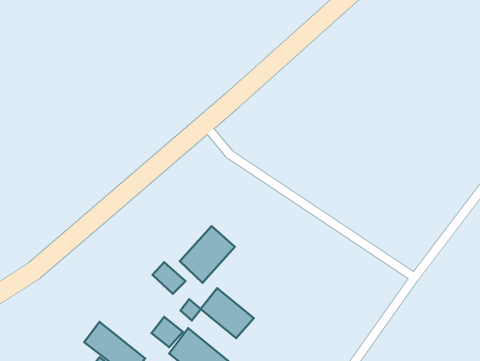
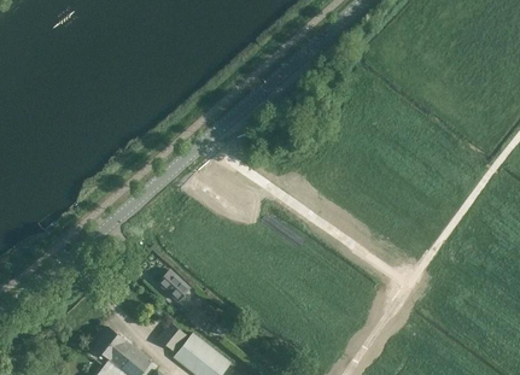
building: [180,226,235,283] -> none
building: [201,288,254,338] -> none

